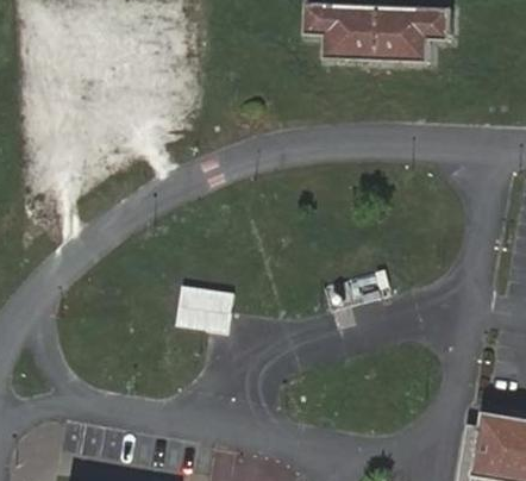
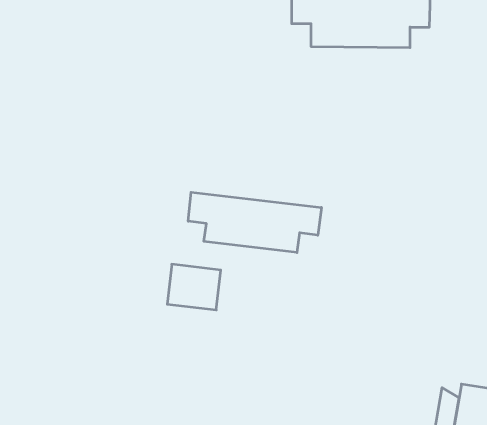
building: none -> [188,192,321,253]

